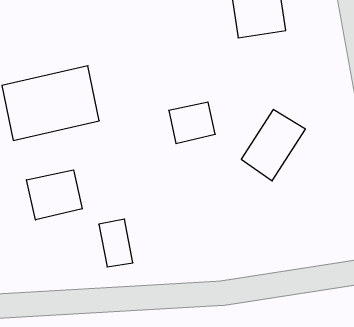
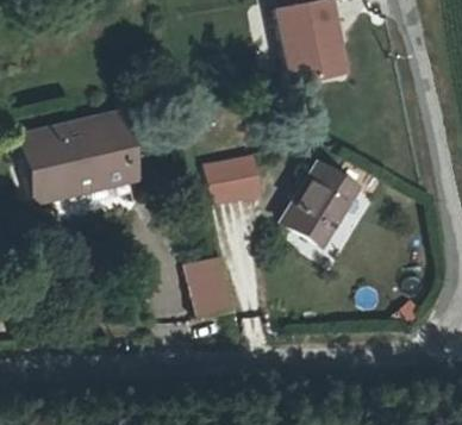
building: [26,170,82,220] -> none
building: [99,219,133,267] -> [192,257,231,312]

